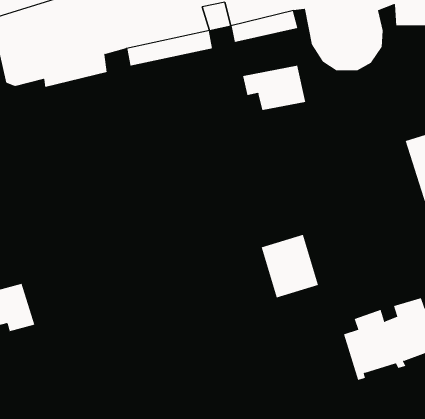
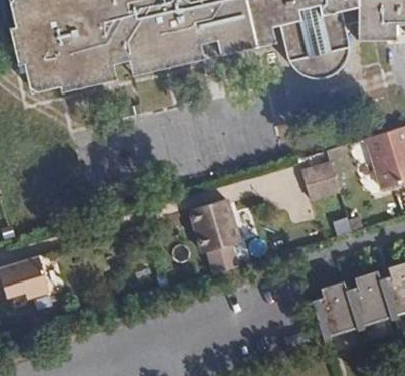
building: [243,65,306,111] -> none
building: none -> [303,165,339,202]
building: [261,234,319,298] -> [191,203,240,257]

